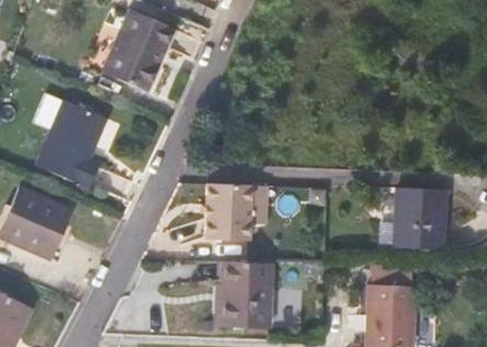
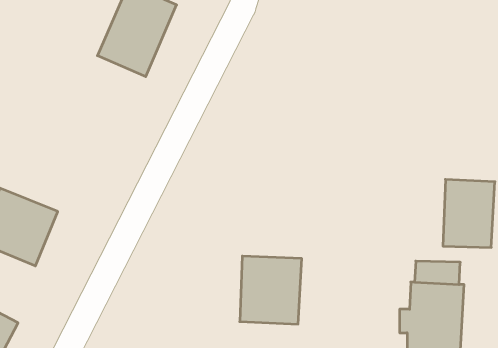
building: [33,110,103,198] -> none
building: [211,183,258,240] -> none

